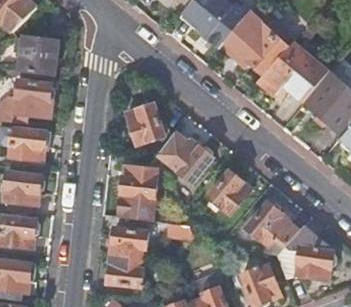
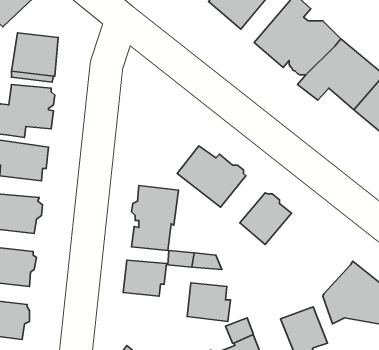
building: [126,102,169,145] -> none
building: [246,201,300,255] -> none
building: [108,254,144,286] -> [187,283,230,321]

